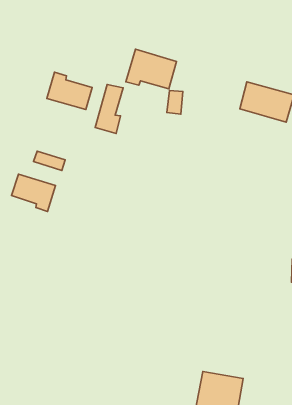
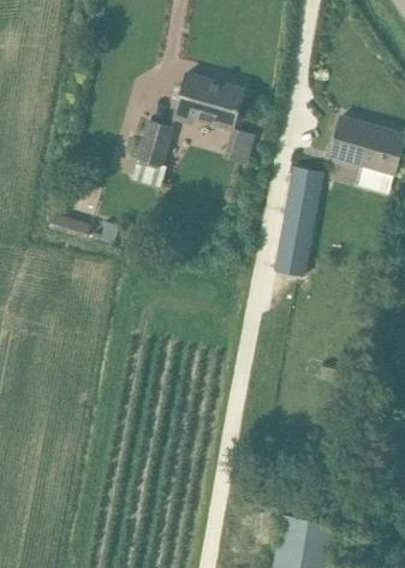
building: [47,72,92,110] -> none
building: none -> [274,166,323,277]
building: [12,174,55,211] -> none

